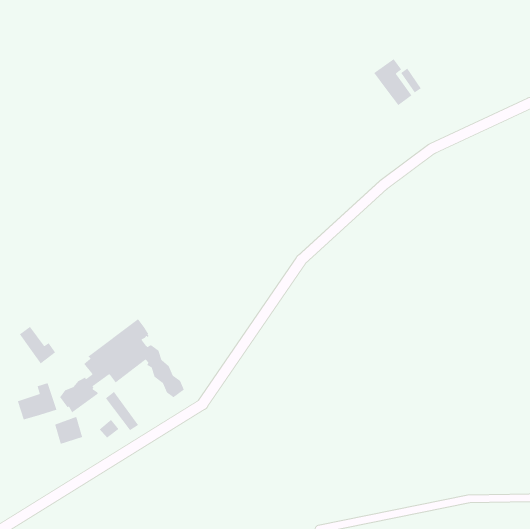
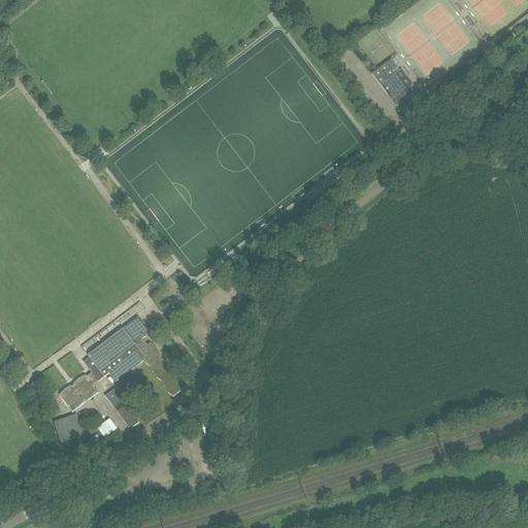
building: [19,326,56,364] -> none
building: [17,382,58,420] -> none

